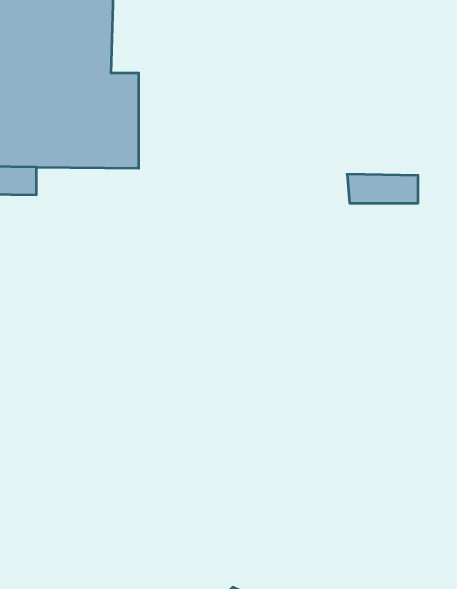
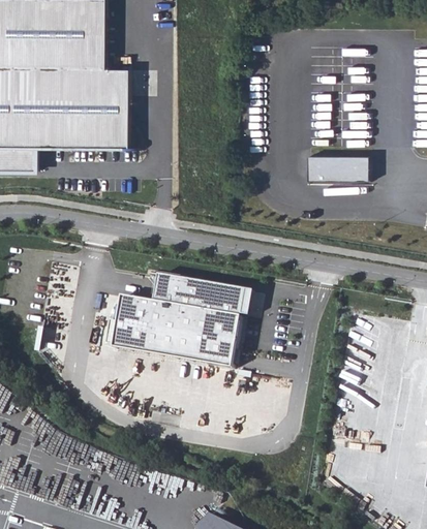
building: none -> [113,272,261,370]

